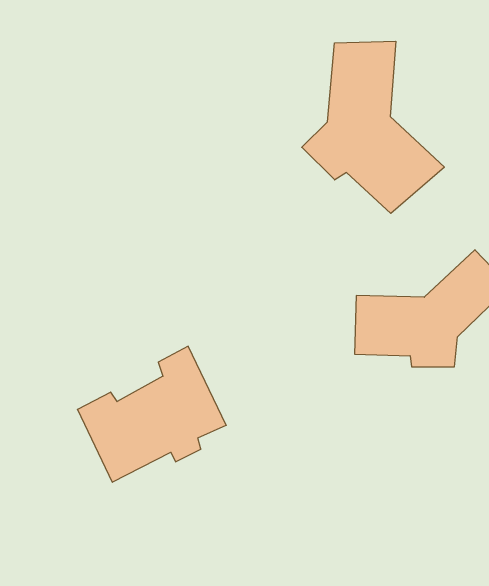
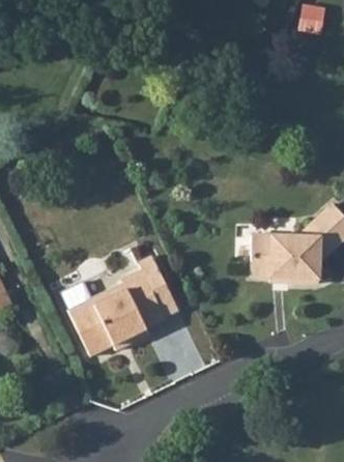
building: [302,41,444,213] -> none

